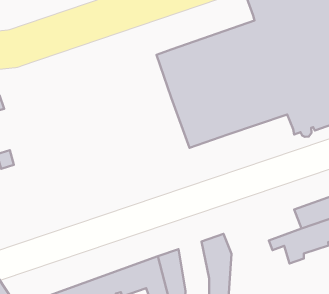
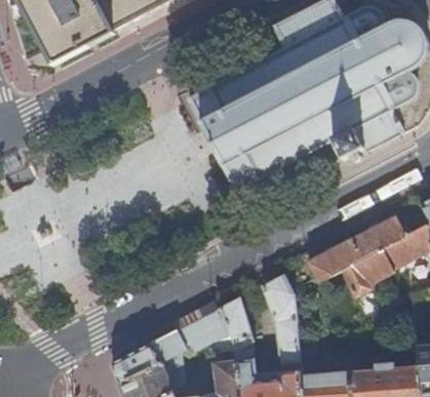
building: none -> [309,238,363,283]

